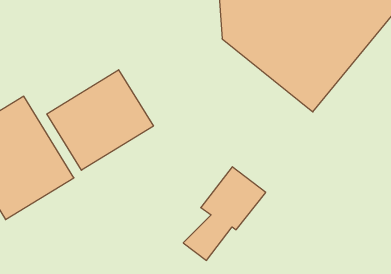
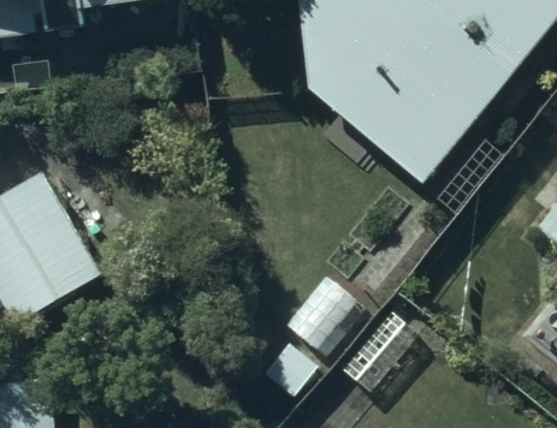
building: [47,70,153,170] -> none

